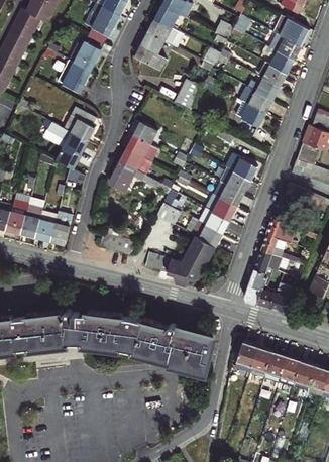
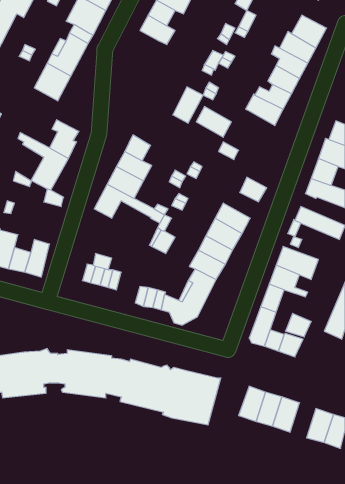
building: [134,33,164,71] -> none
building: [233,102,263,128] -> [196,107,231,137]
building: [219,168,249,195] -> none
building: [277,353,299,383] -> none

